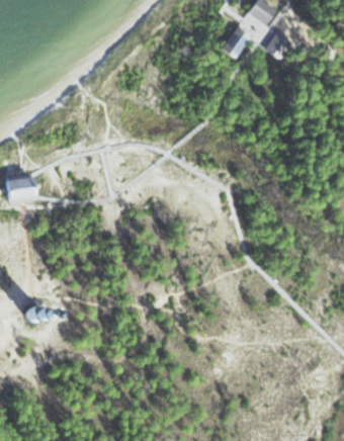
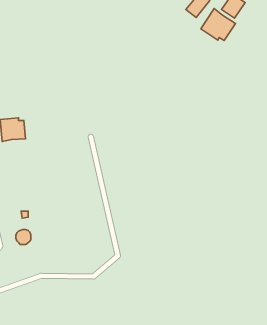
building: none -> [201,9,236,40]

